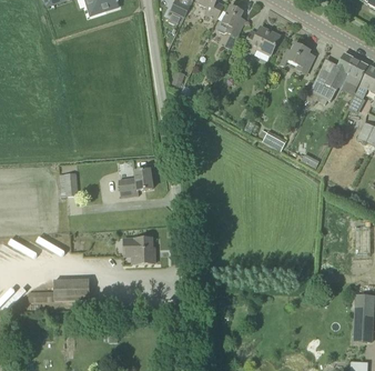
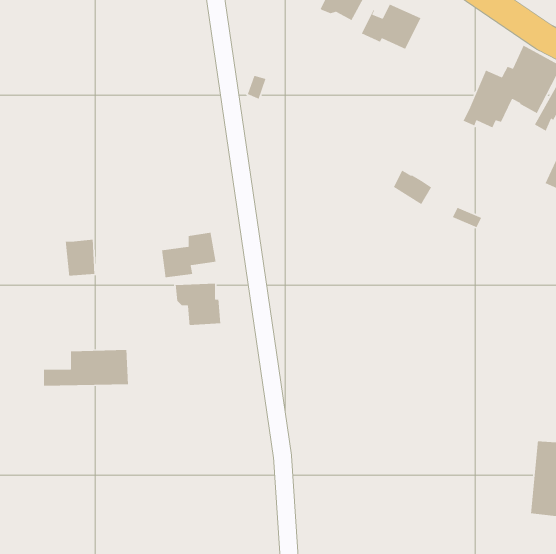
building: [280,41,315,73] -> none
building: [126,237,155,263] -> [175,283,221,326]
building: [32,277,85,300] -> [43,349,129,387]

